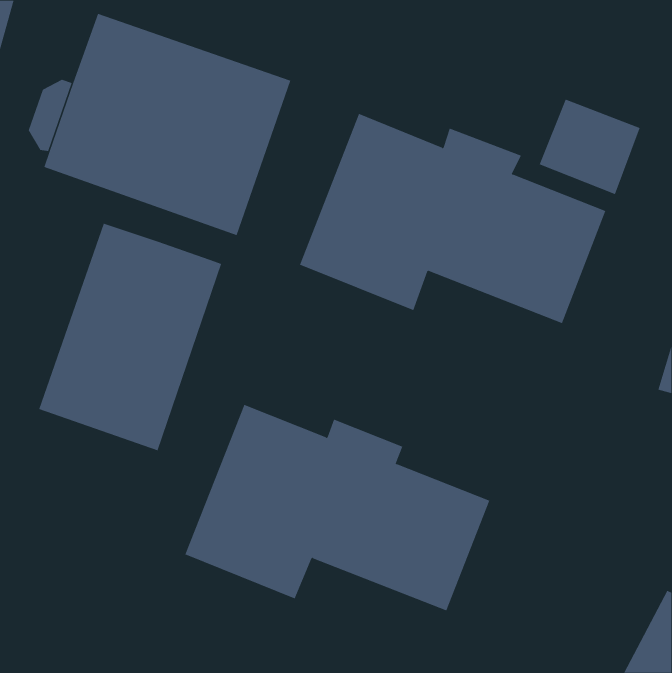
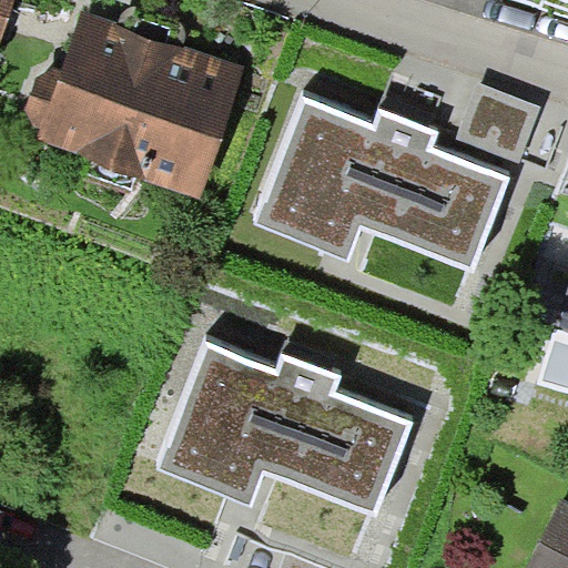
building: [38,223,222,451] -> none

